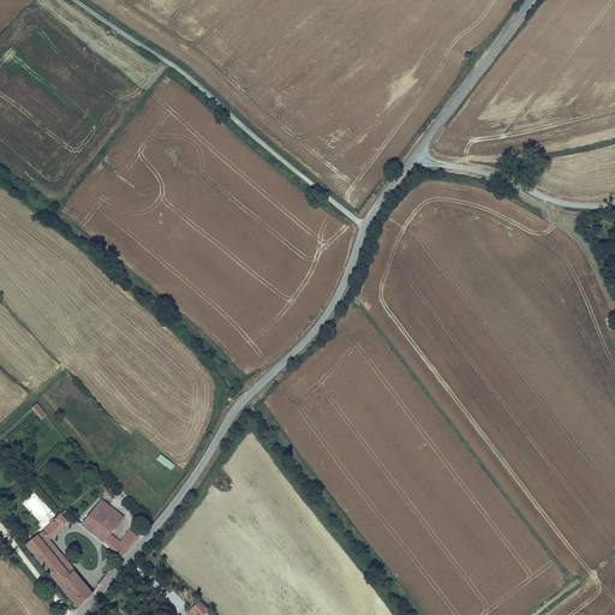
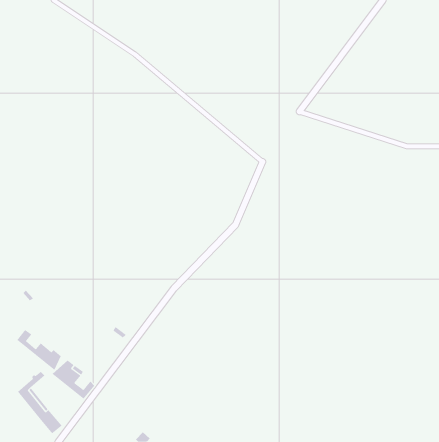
building: none -> [16,329,61,371]

